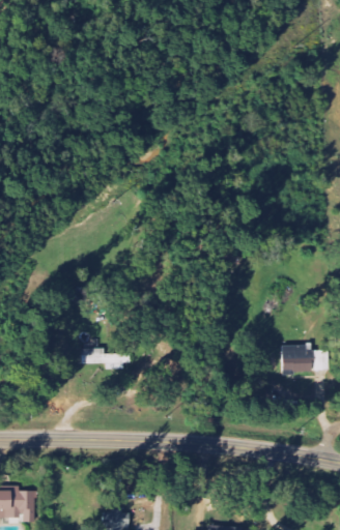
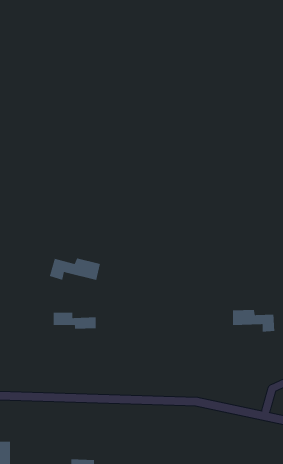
building: none -> [49,257,101,281]

